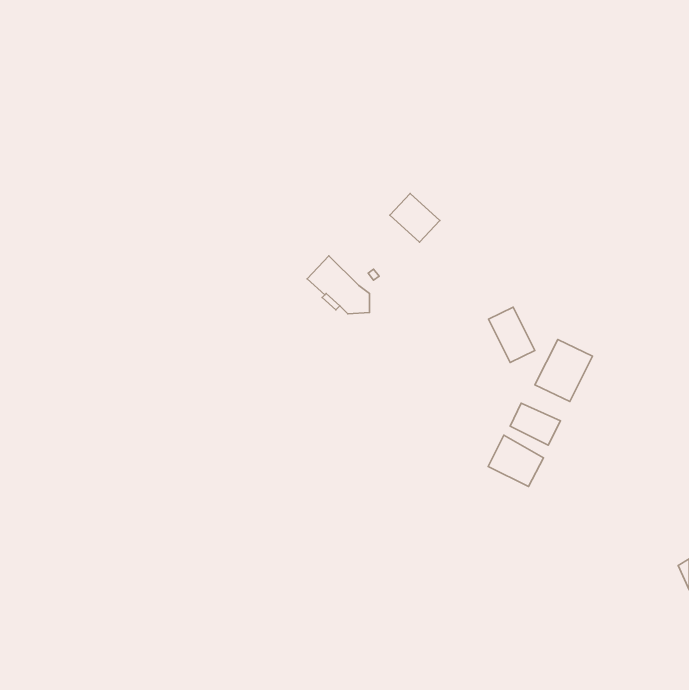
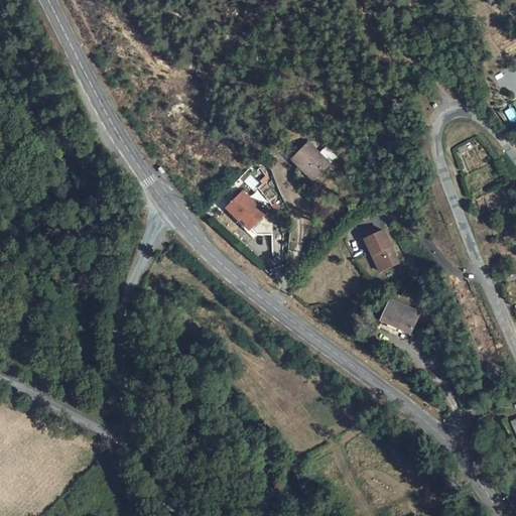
building: [535,339,592,402] -> none
building: [488,435,544,486] -> none

